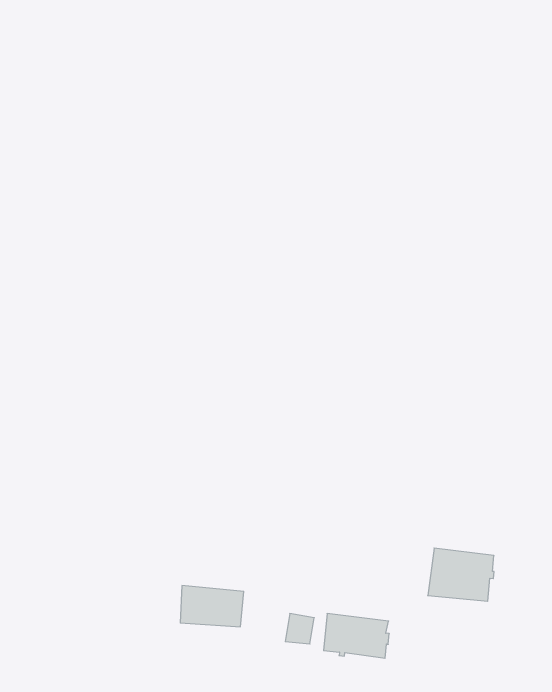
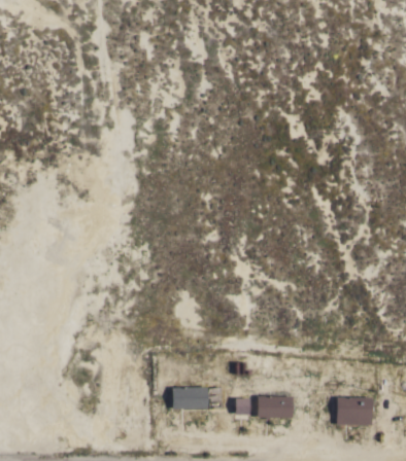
building: [428,548,494,601] -> [337,396,374,424]

